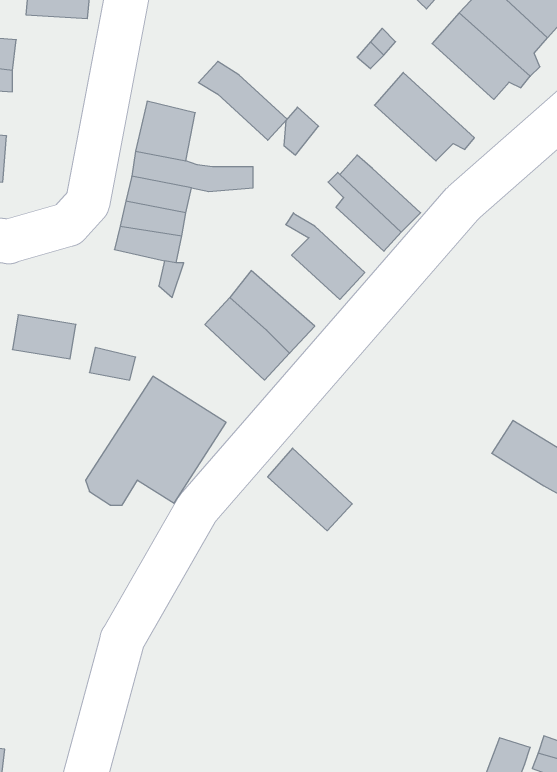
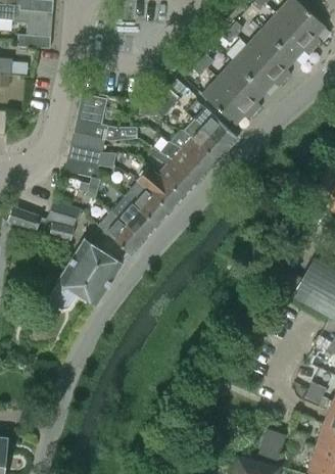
building: none -> [218,61,266,111]
building: [198,61,287,140] -> [160,141,207,183]
building: none -> [201,111,241,151]
building: none -> [137,167,184,211]
building: none -> [48,200,80,228]
building: [268,448,352,531] -> [99,210,144,254]

